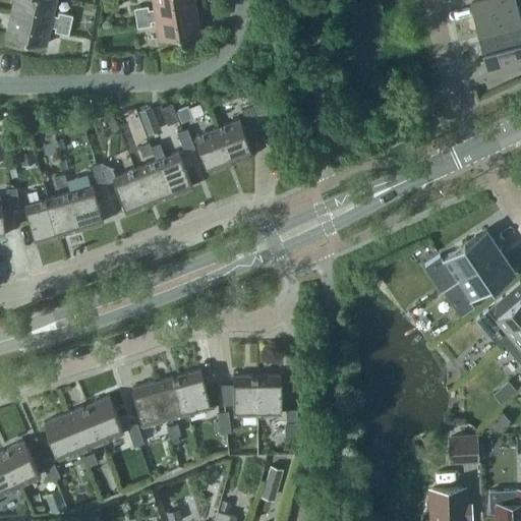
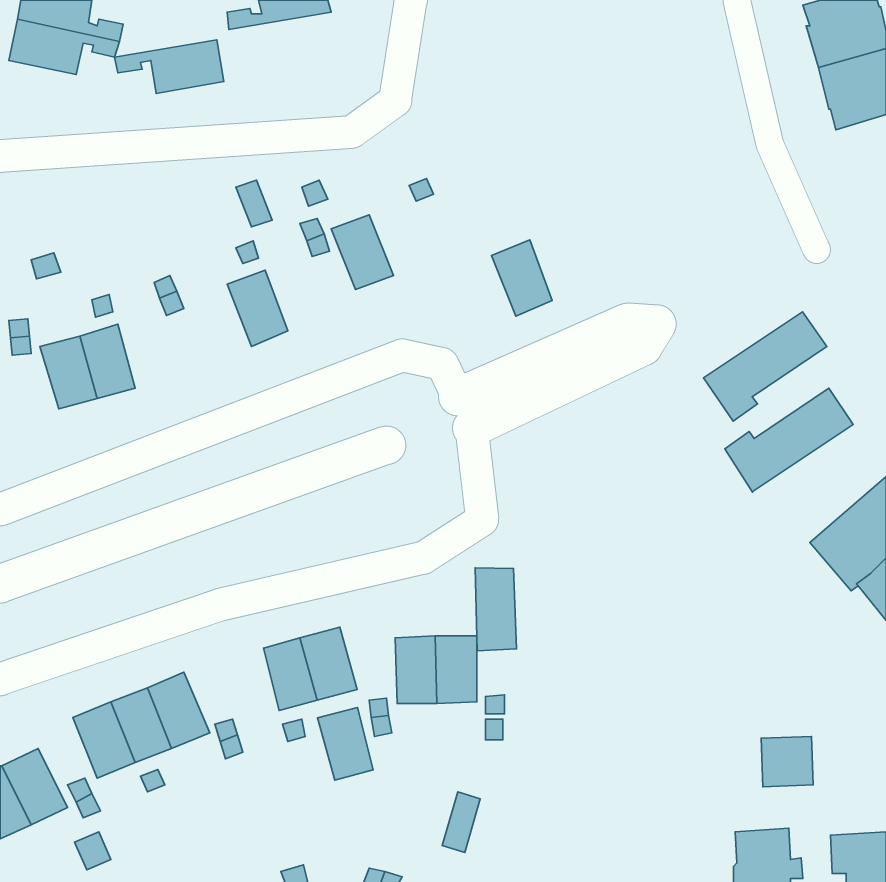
building: [134,9,198,41] -> [114,40,224,94]
building: [217,119,252,164] -> [492,240,552,316]
building: [156,153,191,196] -> none
building: [112,169,148,214] -> none
building: [69,186,103,230] -> none
building: [443,251,515,315] -> [704,312,827,421]
building: none -> [475,568,517,651]
building: [131,383,164,425] -> [318,707,373,780]

